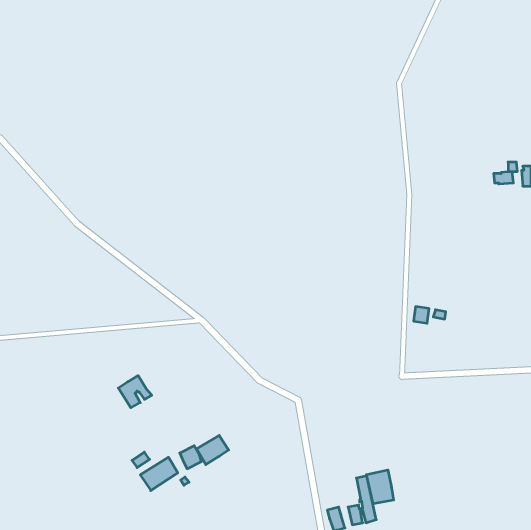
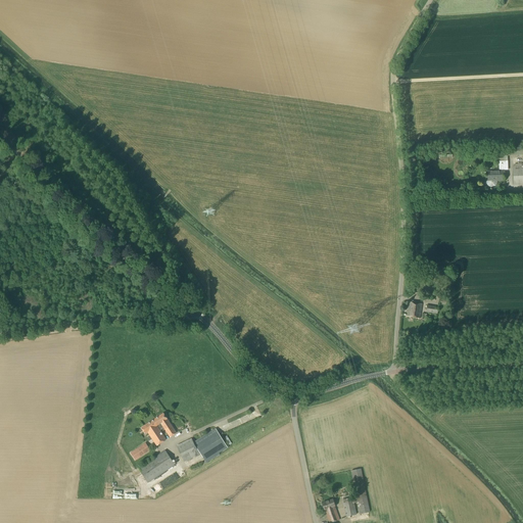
building: [118,376,152,408] -> [144,413,177,444]
building: [366,470,394,504] -> none

